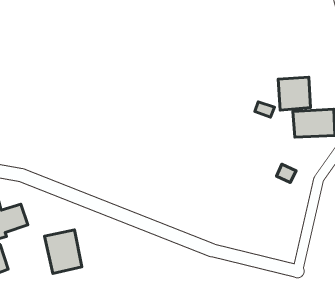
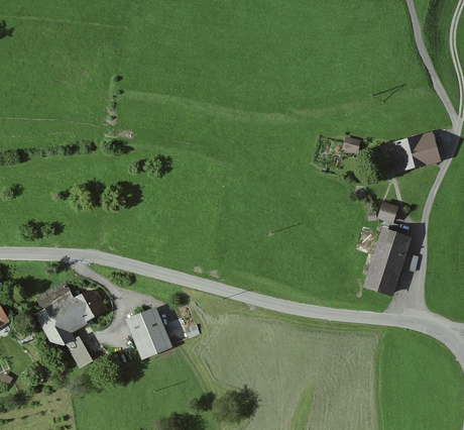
building: [278,77,310,110] -> none
building: none -> [360,227,409,296]

